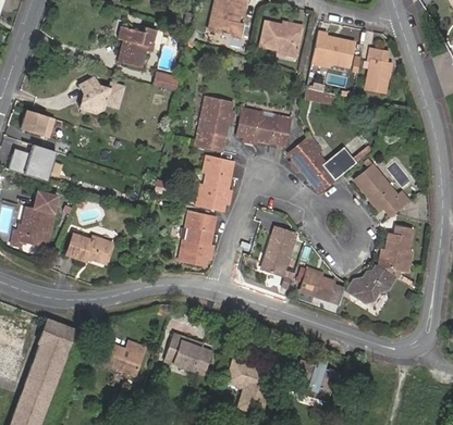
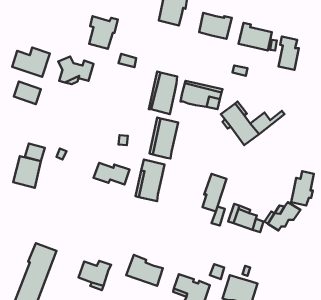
building: [7,145,56,183] -> [12,48,50,77]
building: [355,161,406,218] -> none
building: [65,238,112,266] -> [93,163,129,184]

